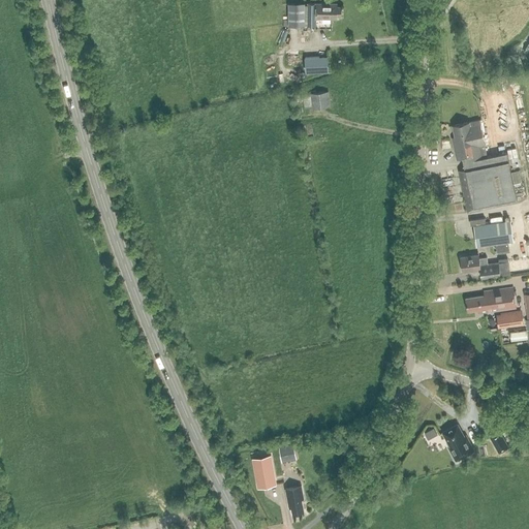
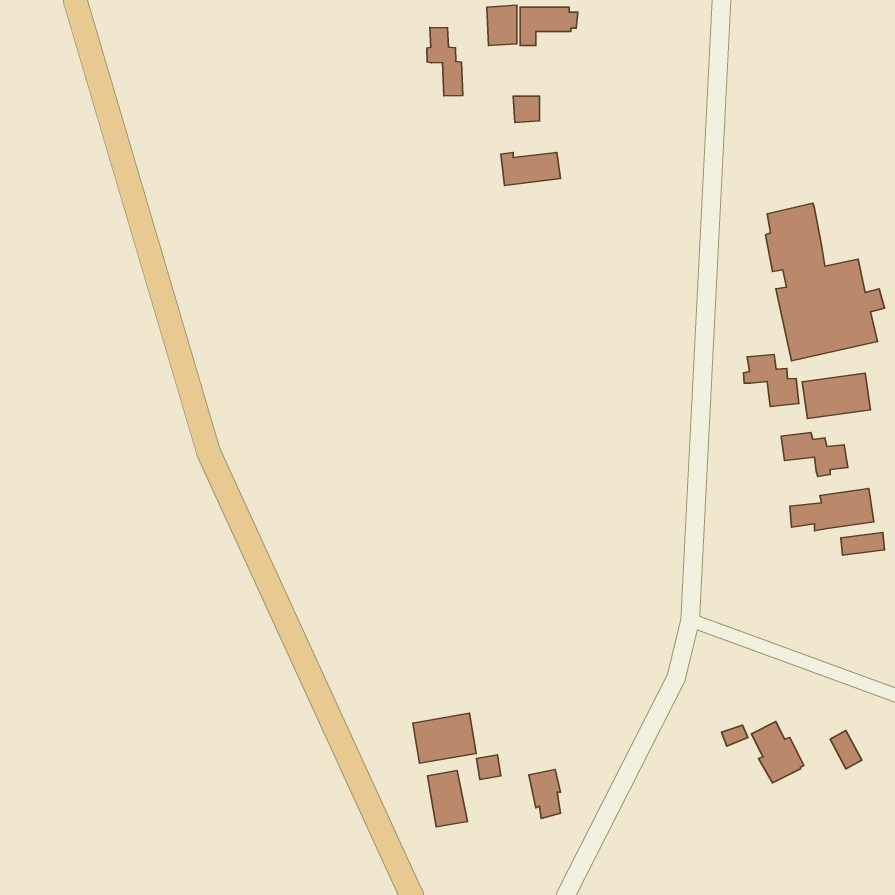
building: none -> [427,28,463,96]
building: none -> [743,354,799,406]
building: none -> [413,713,476,763]
building: [285,486,304,515] -> [529,769,561,818]

